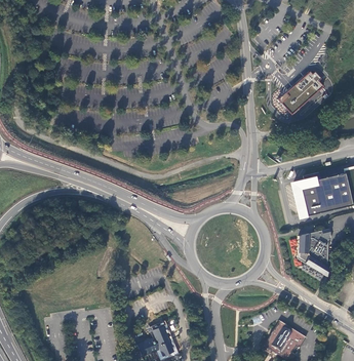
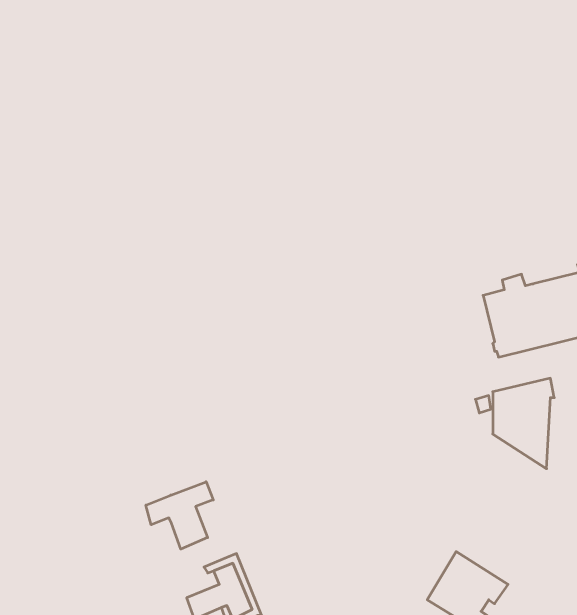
building: [283,72,325,115] -> none
building: none -> [146,482,213,549]

